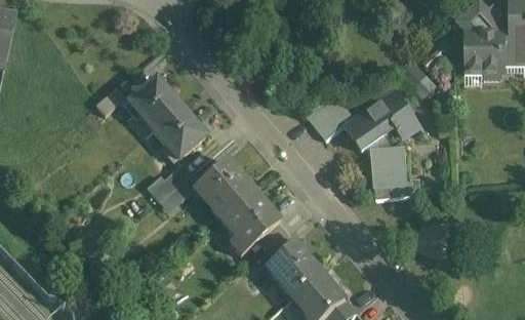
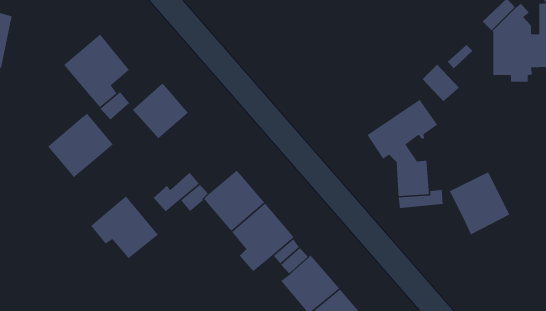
building: none -> [63,34,130,108]
building: [307,94,354,138] -> none
building: none -> [47,113,114,178]
building: [152,107,206,160] -> none
building: none -> [449,171,511,235]
building: none -> [90,196,159,259]

